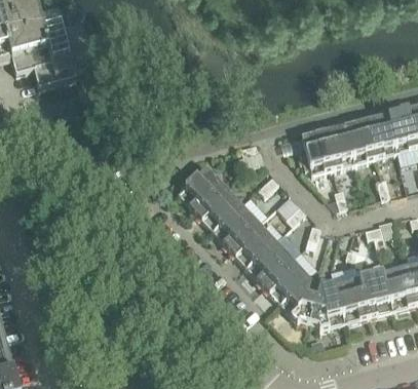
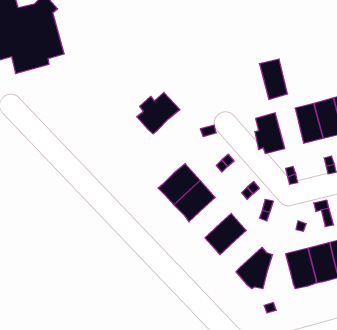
building: [325,123,355,167] -> [259,59,288,99]
building: [179,165,226,210] -> [137,92,180,134]
building: [230,221,276,265] -> none
building: [264,257,310,302] -> none
building: [311,282,346,327] -> none

